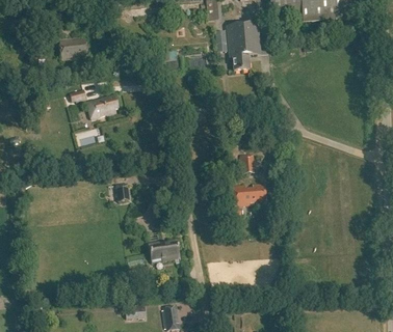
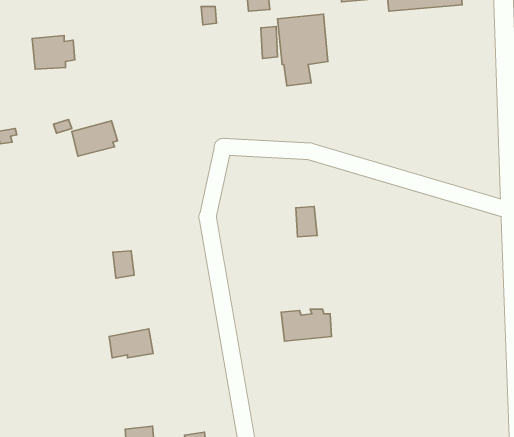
building: [233,184,267,205] -> [281,309,332,341]
building: [148,240,178,259] -> [109,329,153,358]

